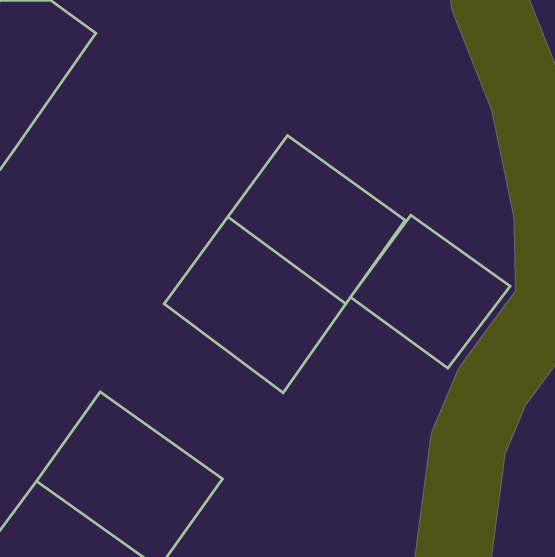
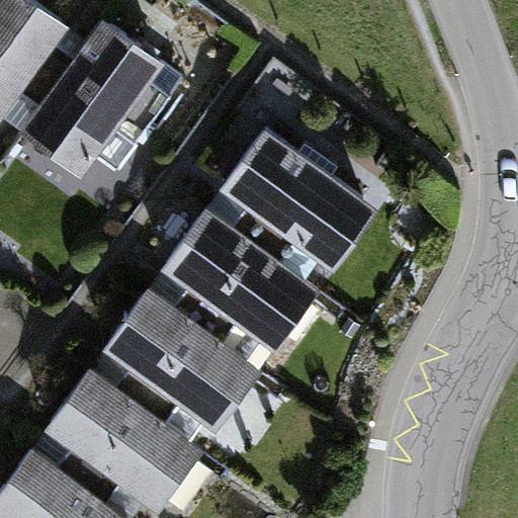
building: none -> [13,16,193,206]
building: [351,215,510,368] -> none
building: none -> [92,284,260,445]

